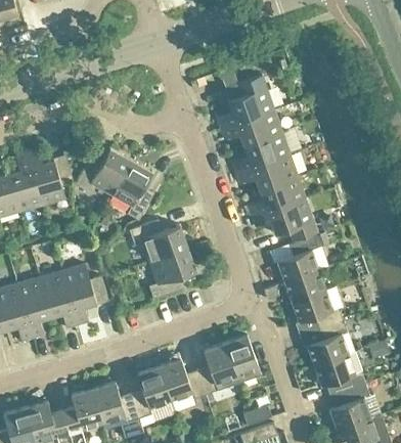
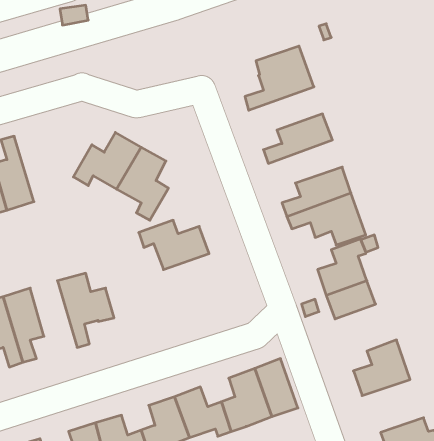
building: [220,109,281,145] -> none
building: [26,147,73,205] -> none
building: [236,153,298,189] -> none
building: [149,248,195,299] -> none
building: [39,270,78,328] -> none
building: [292,290,343,328] -> none
building: [314,352,365,392] -> none

